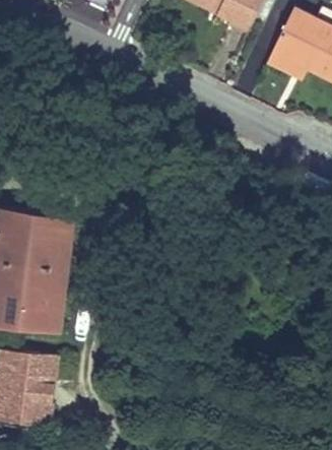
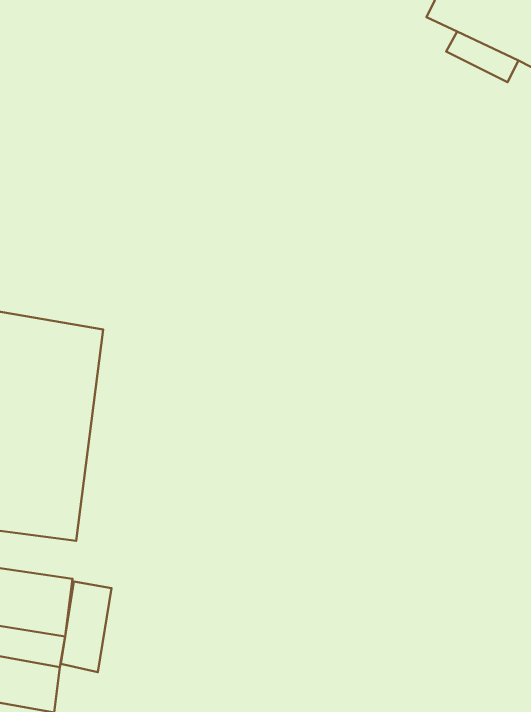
building: none -> [61,581,111,672]

